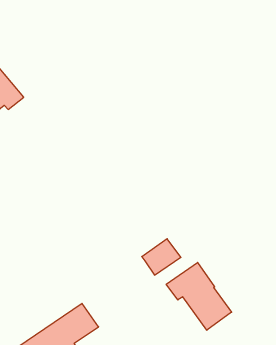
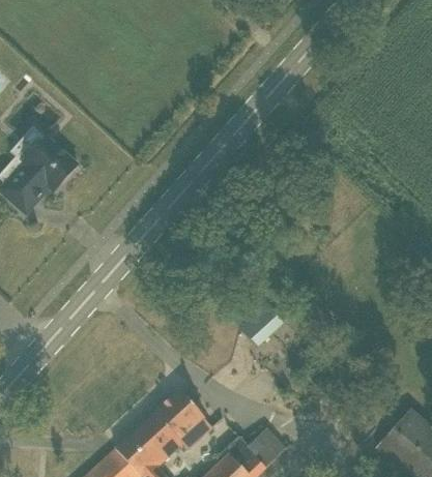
building: [166,262,232,330] -> none

